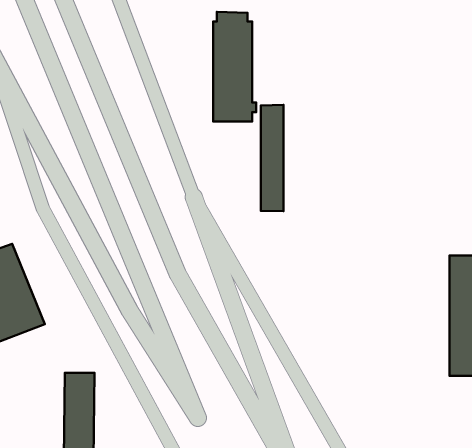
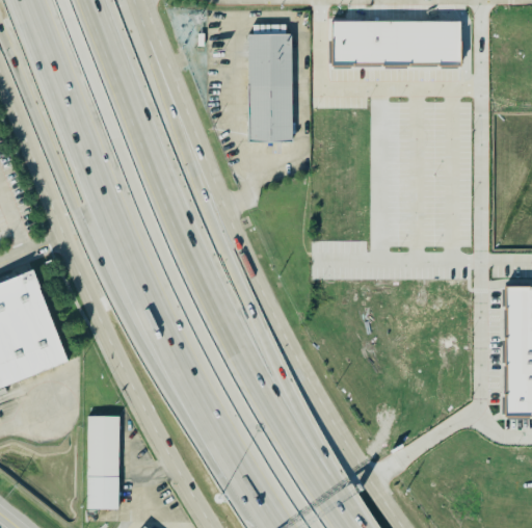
building: none -> [336,20,462,64]
building: [261,105,284,211] -> none

